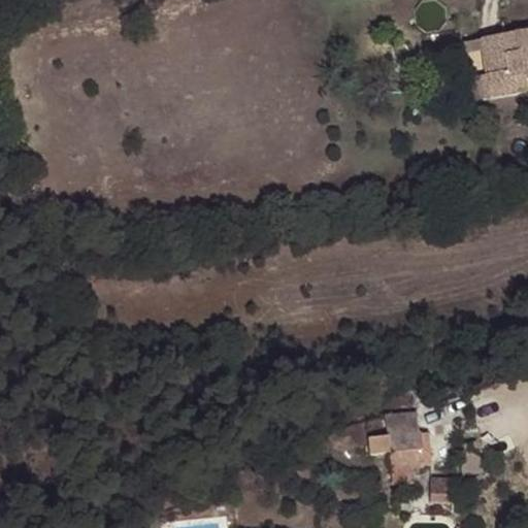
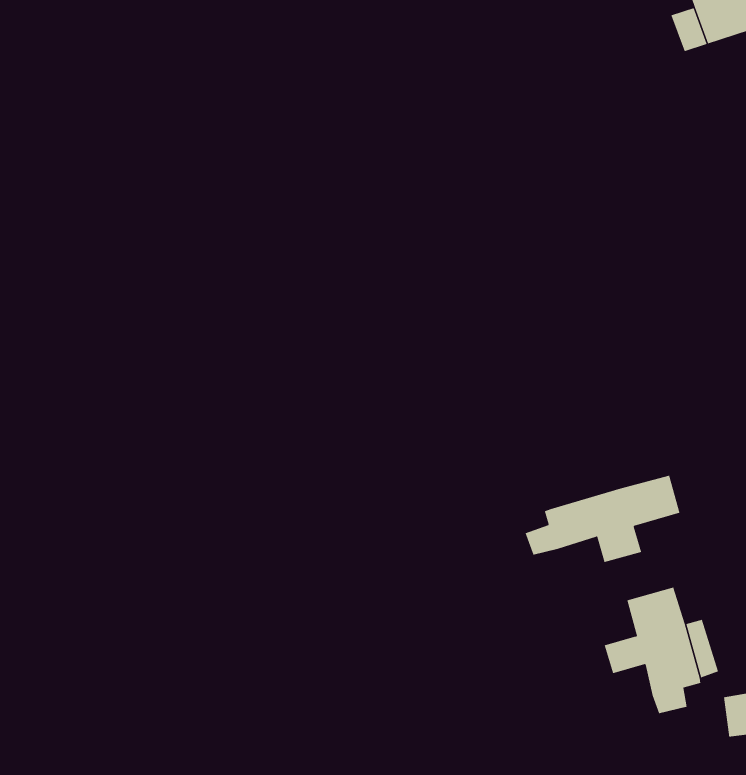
building: none -> [525,475,680,563]

